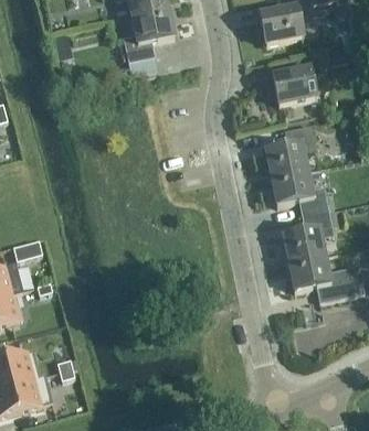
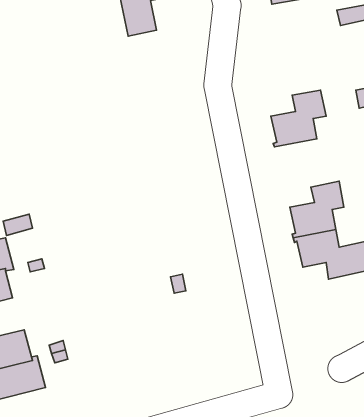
building: [272,65,316,104] -> none
building: [267,169,328,214] -> none

